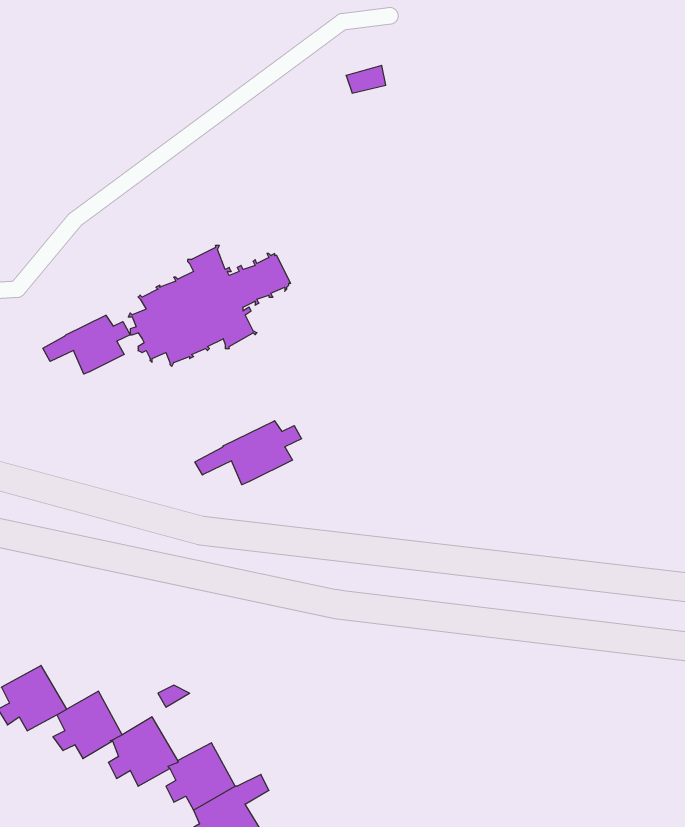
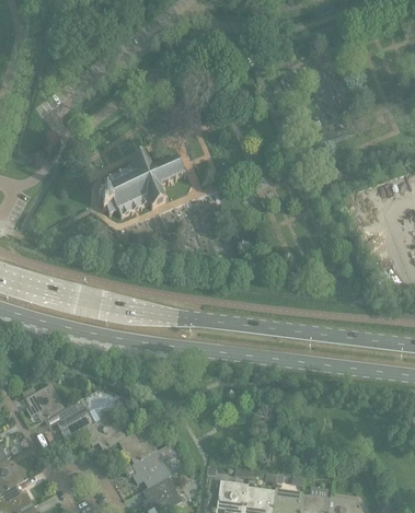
building: [43,315,130,374] -> none
building: [195,421,302,485] -> none

